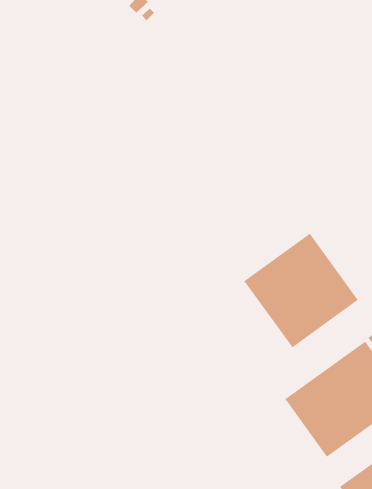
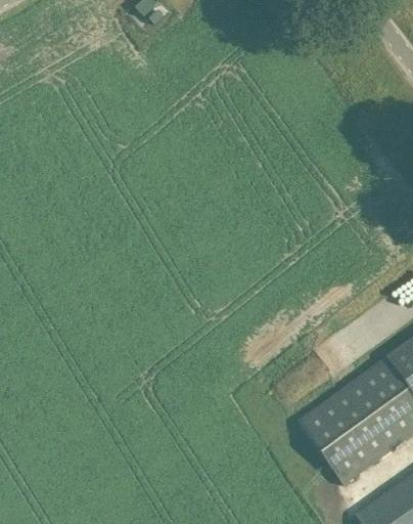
building: [244,233,359,348] -> none

